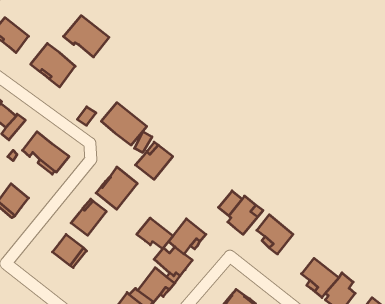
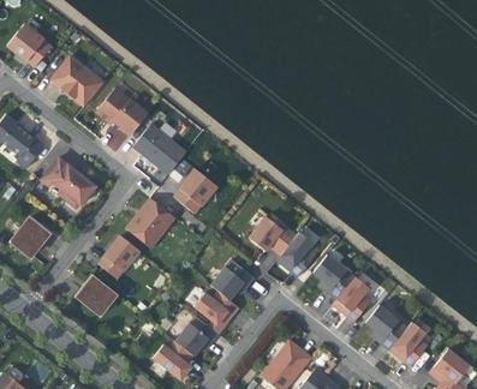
building: [63,16,109,57] -> [96,86,149,134]
building: none -> [249,216,282,250]
building: [137,218,173,249] -> none
building: none -> [336,276,371,321]

